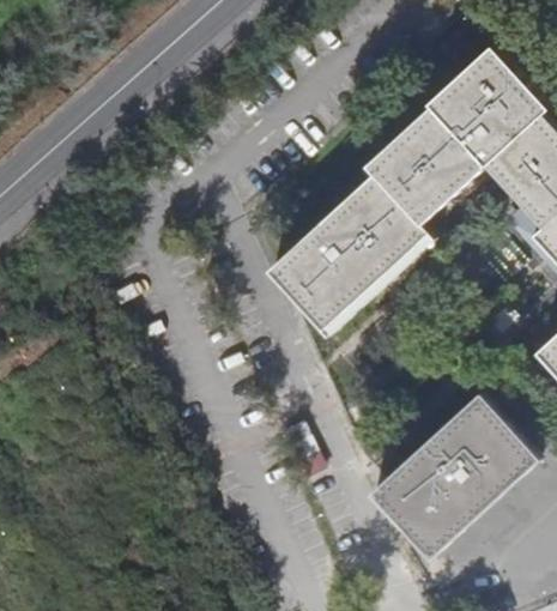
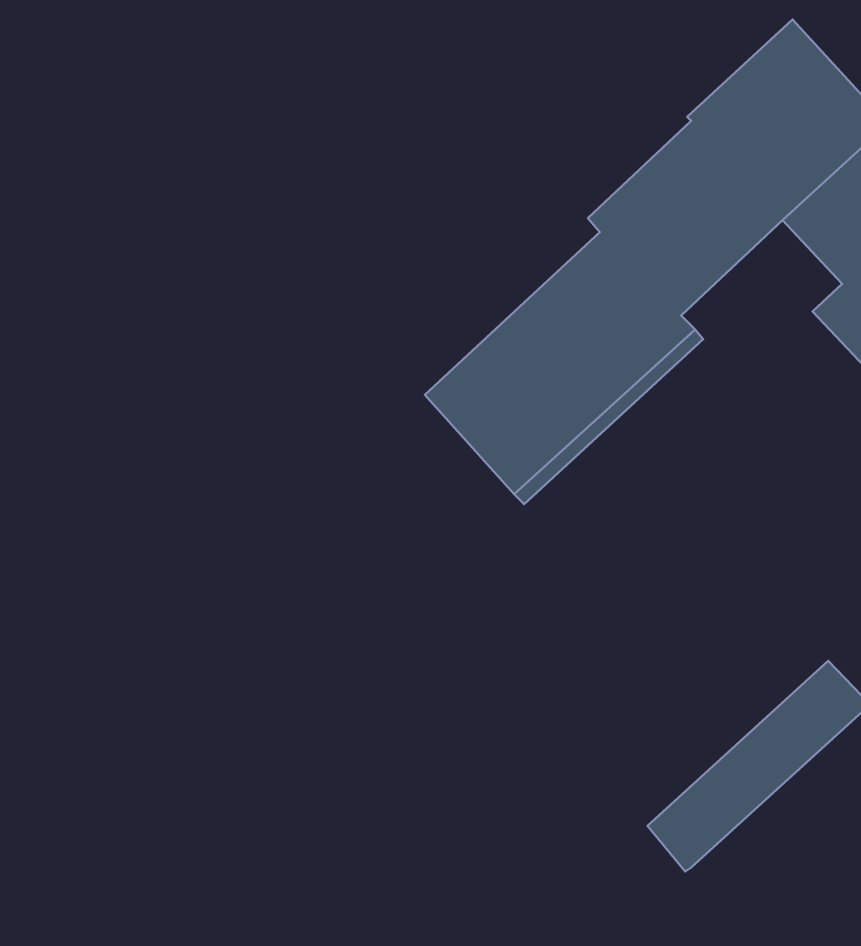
building: [368,394,513,533] -> none

